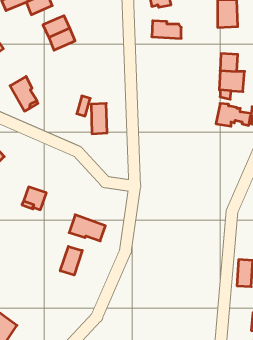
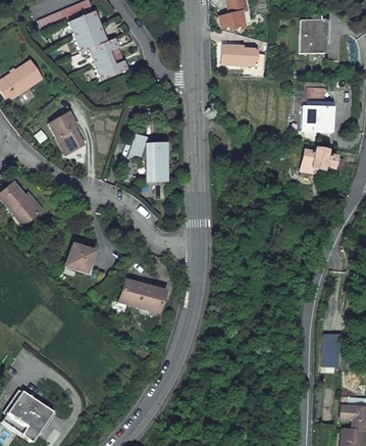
building: none -> [74,26,107,52]
building: [60,246,82,275] -> none

